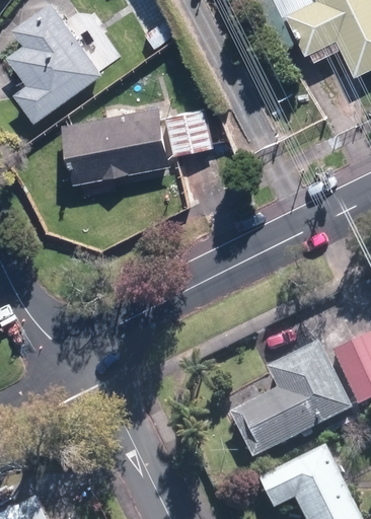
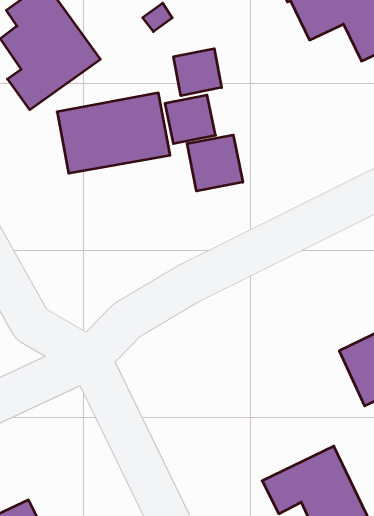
building: none -> [174,49,222,96]
building: none -> [187,135,243,191]
building: [229,342,352,459] -> none

